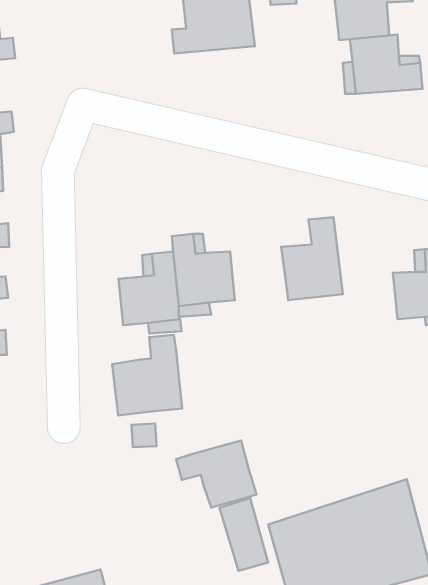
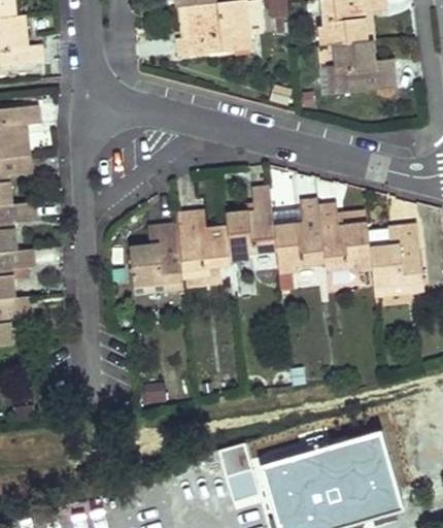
building: none -> [226,185,276,259]
building: none -> [318,203,371,270]
building: [112,335,182,415] -> none
building: [176,441,256,508] -> none

